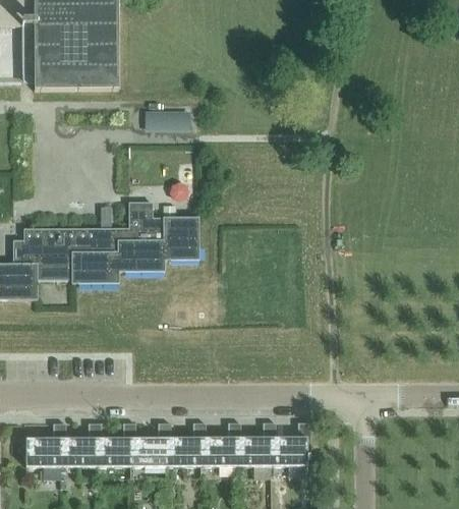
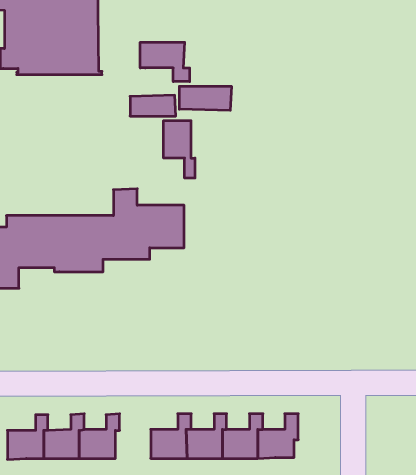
building: none -> [140,42,190,82]
building: none -> [179,86,231,110]
building: none -> [164,121,195,178]
building: [131,422,170,466] -> none

